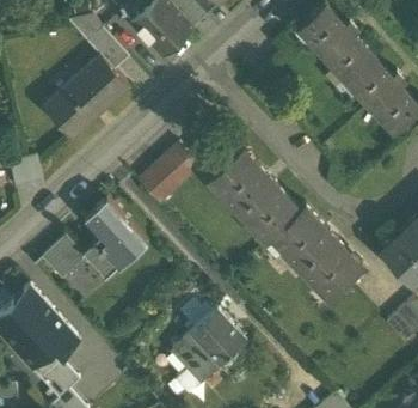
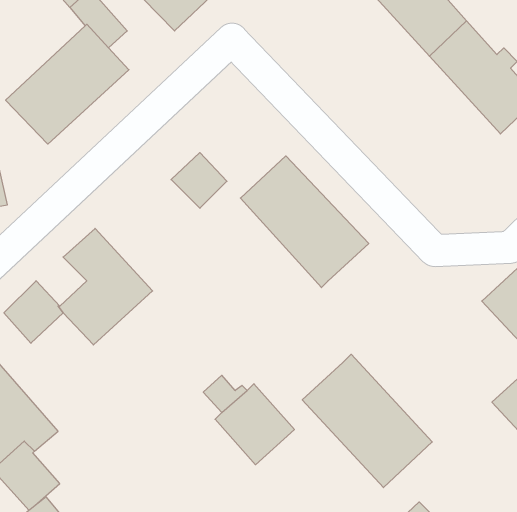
building: [139,164,179,205] -> none
building: [270,203,362,298] -> [302,354,432,488]
building: [173,334,219,382] -> none

